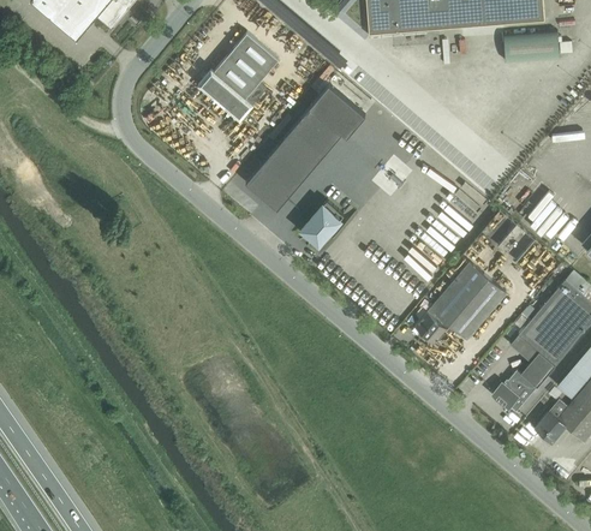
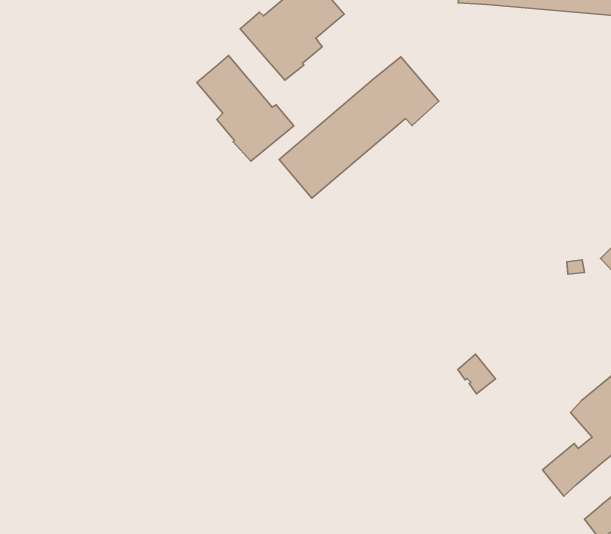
building: none -> [197,56,294,161]
building: [303,199,344,243] -> none
building: [431,262,506,338] -> none

